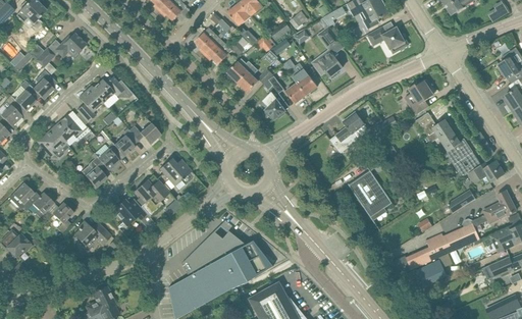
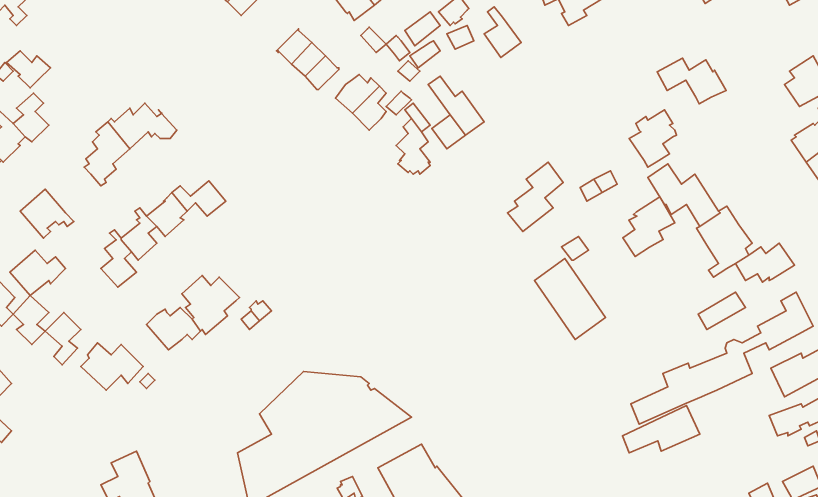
building: [367,25,409,53] -> [657,58,726,104]
building: [55,33,86,57] -> none
building: [314,49,343,77] -> none
building: [52,114,86,142] -> [10,250,66,296]
building: none -> [623,197,675,256]
building: [159,158,192,185] -> none

